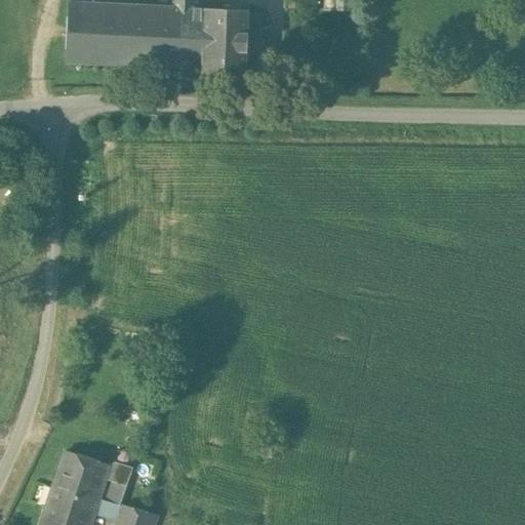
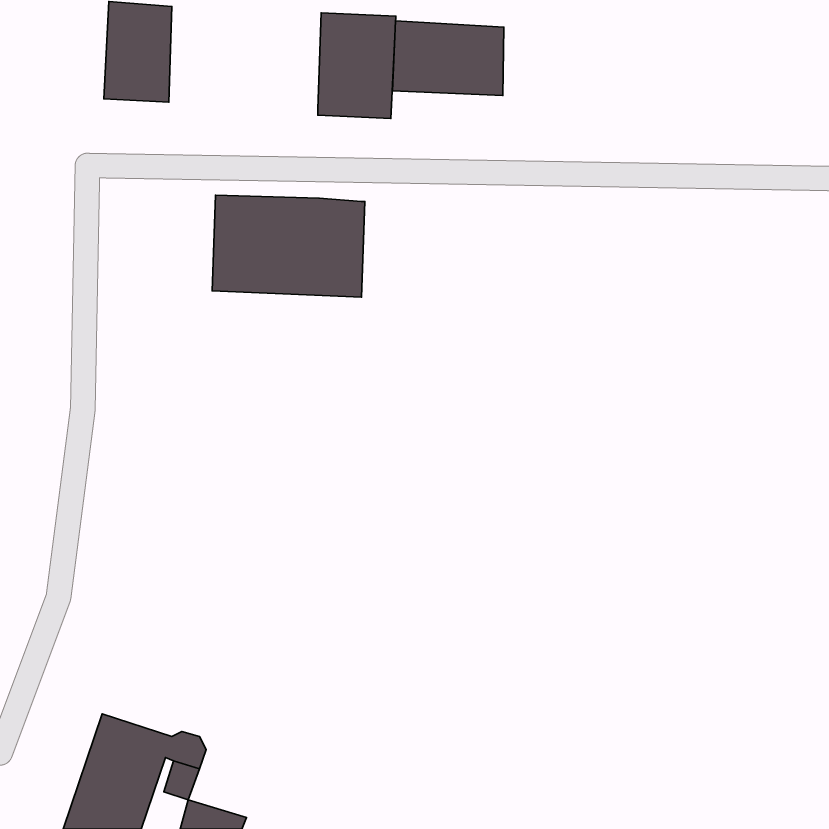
building: [107,4,203,69] -> [212,195,365,297]
building: none -> [393,21,504,96]

